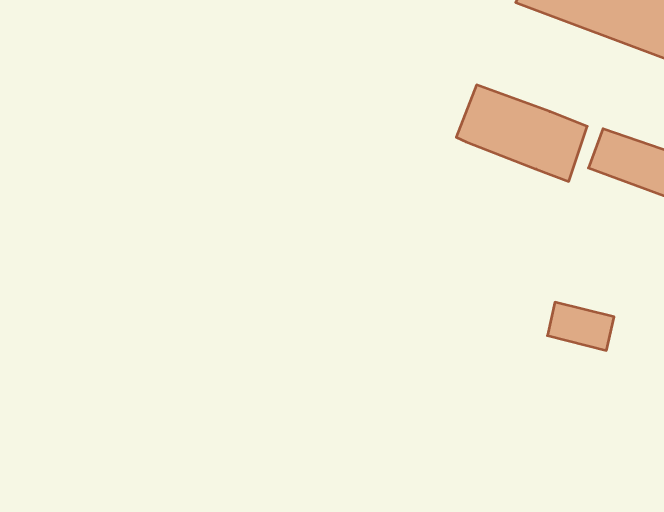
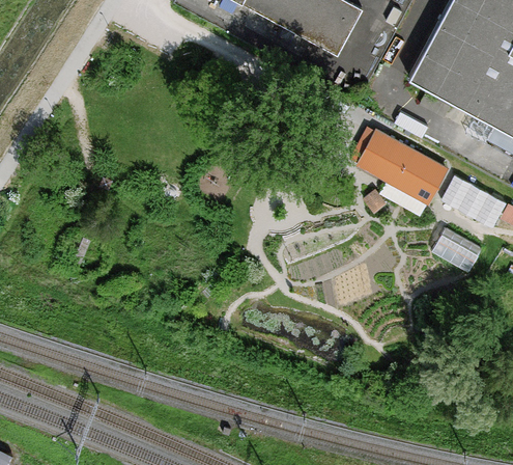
building: [547,302,614,350] -> [436,230,483,268]

